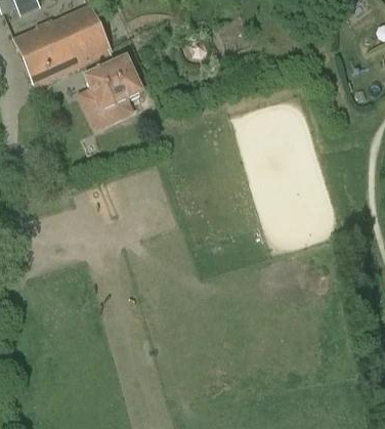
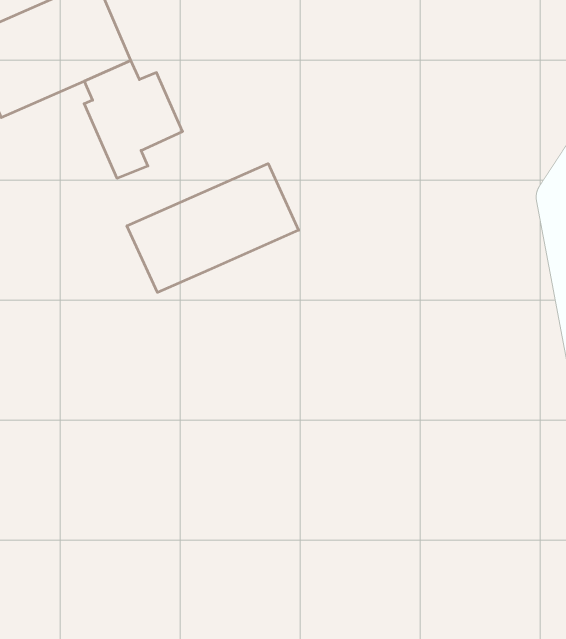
building: none -> [127,164,299,292]

